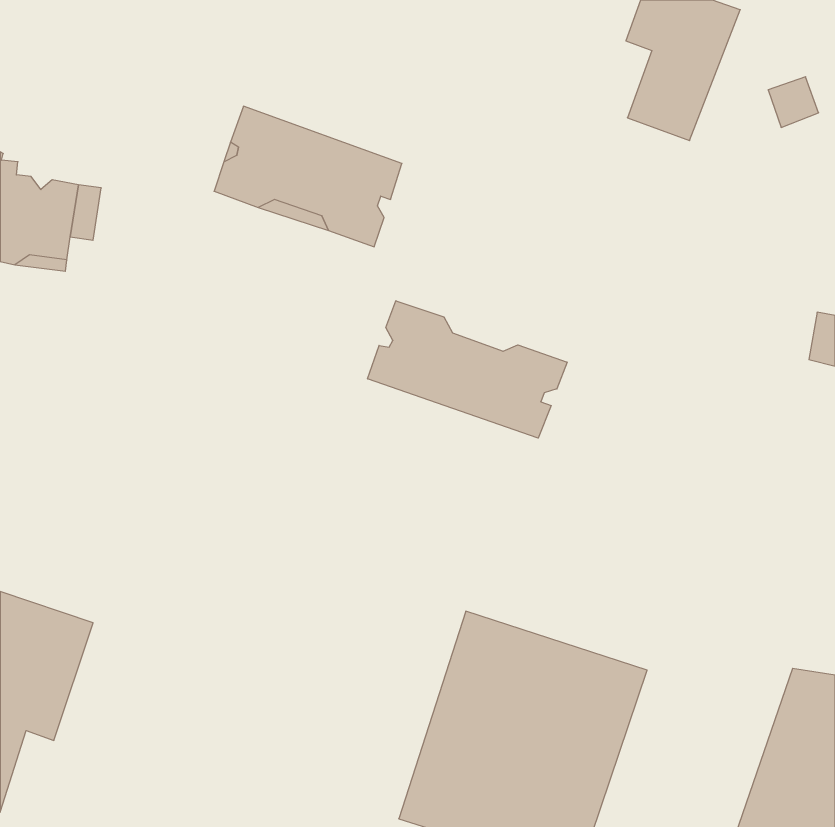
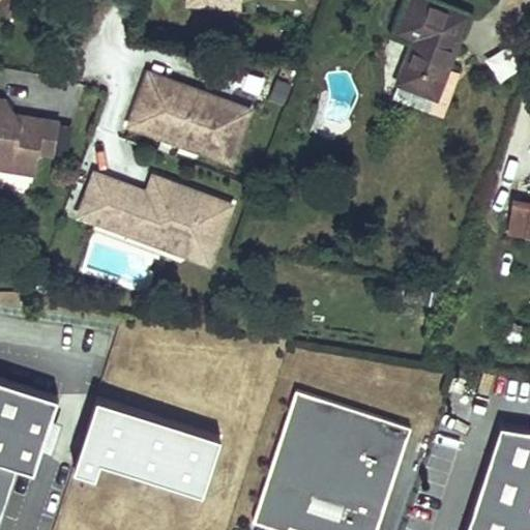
building: none -> [87,174,236,262]
building: [368,301,567,438] -> none
building: none -> [72,406,219,499]

